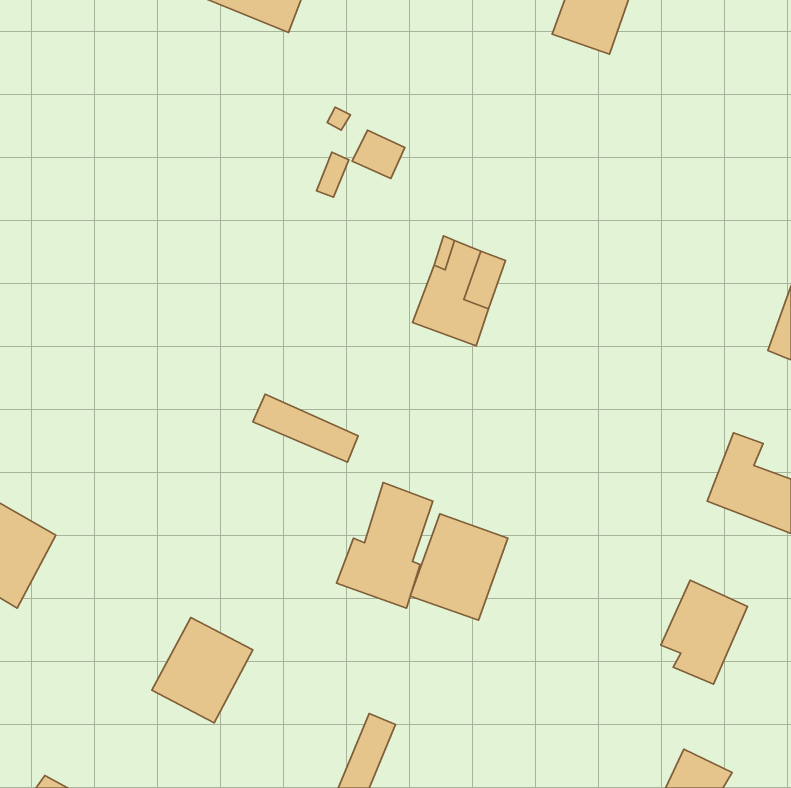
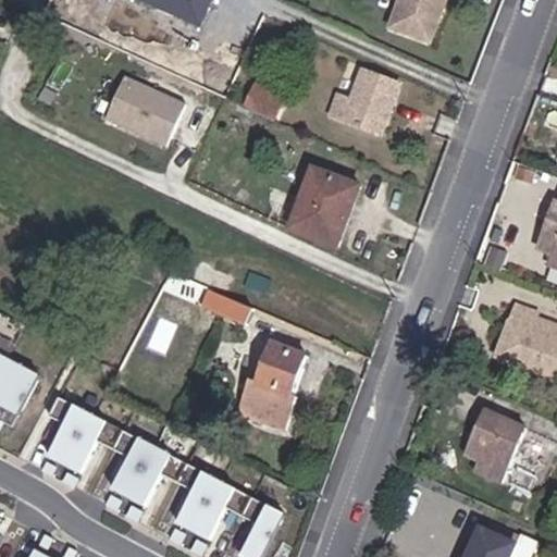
building: none -> [329,69,395,131]
building: none -> [110,82,189,151]
building: [410,514,508,620] -> none
building: none -> [42,401,109,473]
building: none -> [172,468,236,540]

